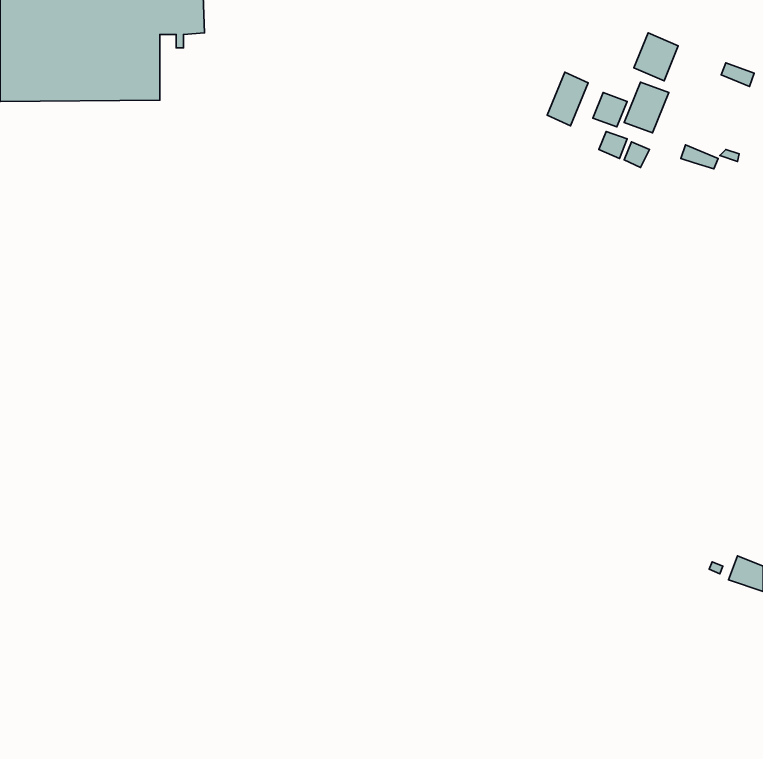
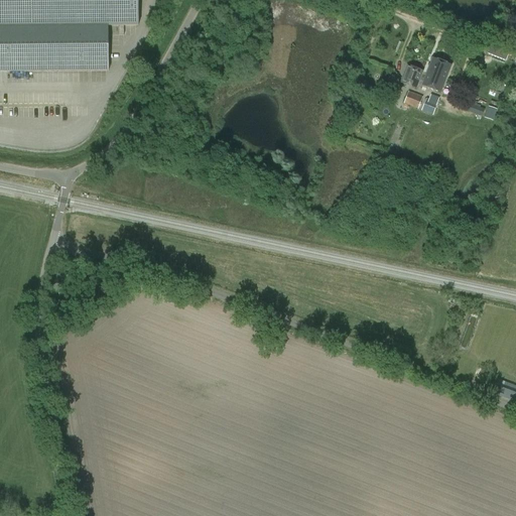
building: [634,33,678,81] -> none
building: [547,72,588,126] -> none

